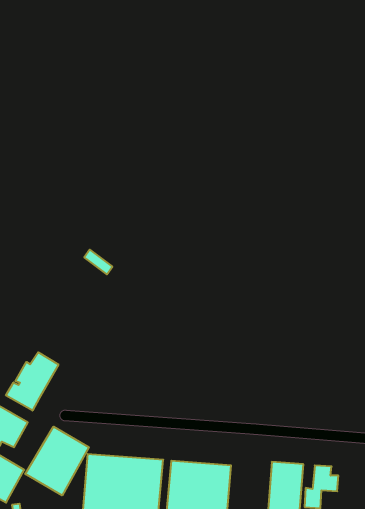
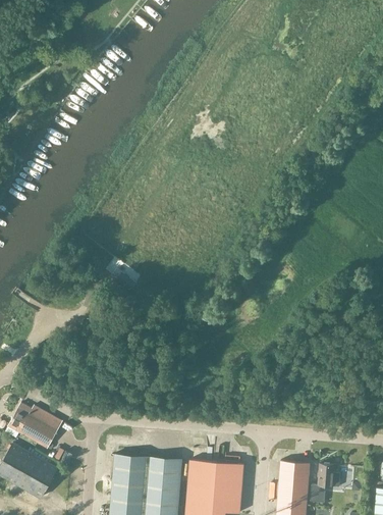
building: [6,352,58,411] -> none
building: [25,427,89,495] -> none

